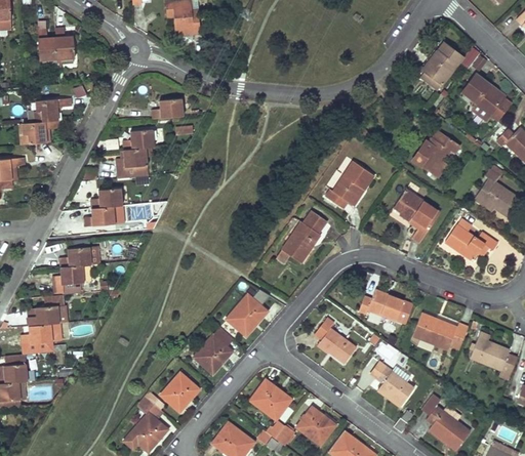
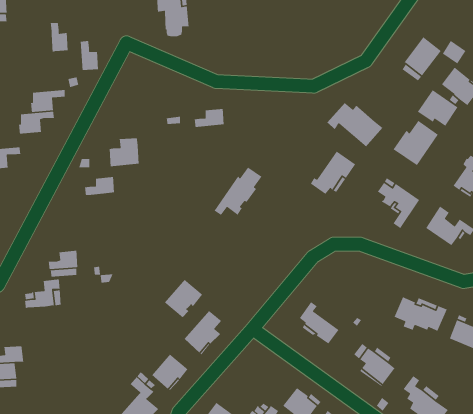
building: [37,29,56,60] -> [80,40,99,71]
building: none -> [417,89,459,127]
building: [152,98,184,119] -> [194,108,224,128]
building: none -> [326,102,383,148]
building: [122,129,154,150] -> none
building: [83,206,115,226] -> none
building: [275,211,326,262] -> [213,166,263,216]
building: [59,247,91,266] -> none
building: [359,289,413,323] -> none
building: [226,294,267,335] -> [164,279,203,318]
building: [21,324,53,354] -> none
building: [249,379,291,419] -> none

